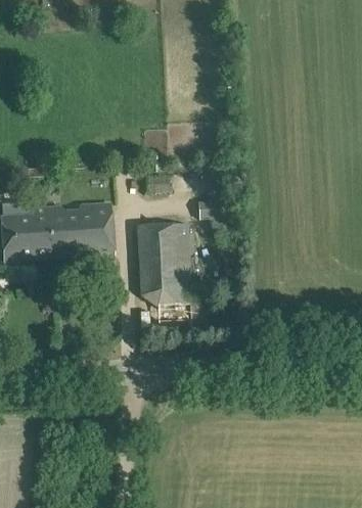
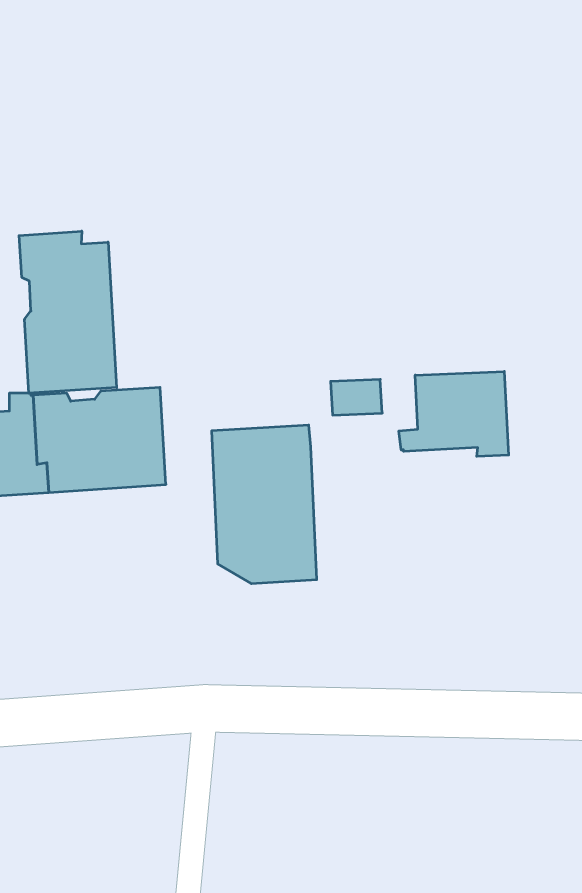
building: none -> [19,231,117,393]
building: none -> [399,371,509,456]

